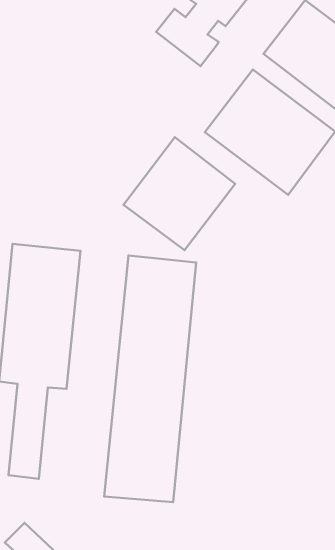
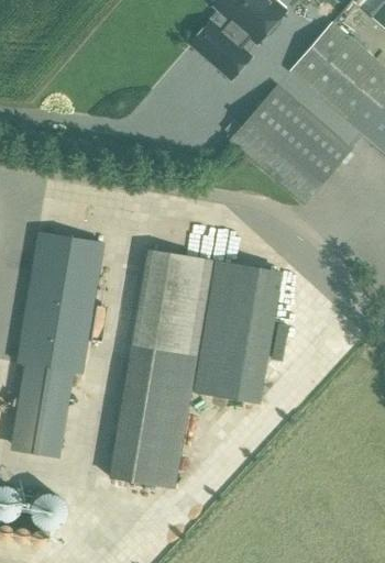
building: [124,137,235,250] -> none
building: none -> [196,262,283,402]

